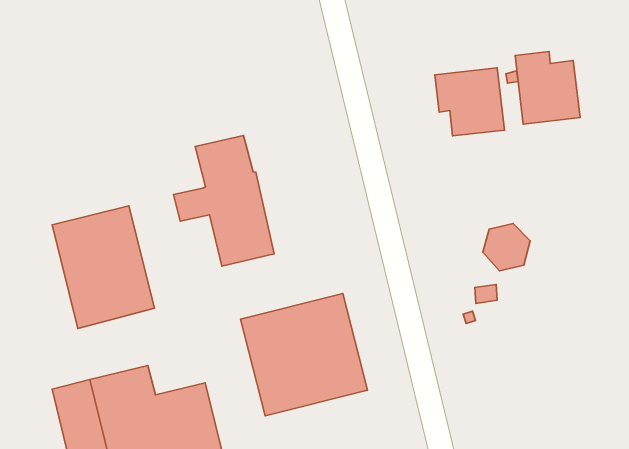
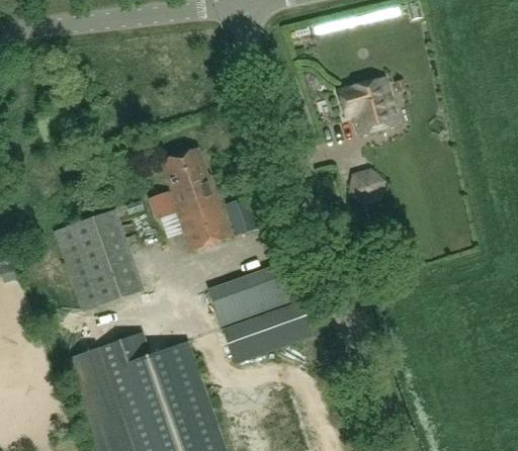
building: [515,52,580,124] -> none
building: none -> [225,197,254,235]
building: [483,224,530,271] -> [348,168,383,205]

